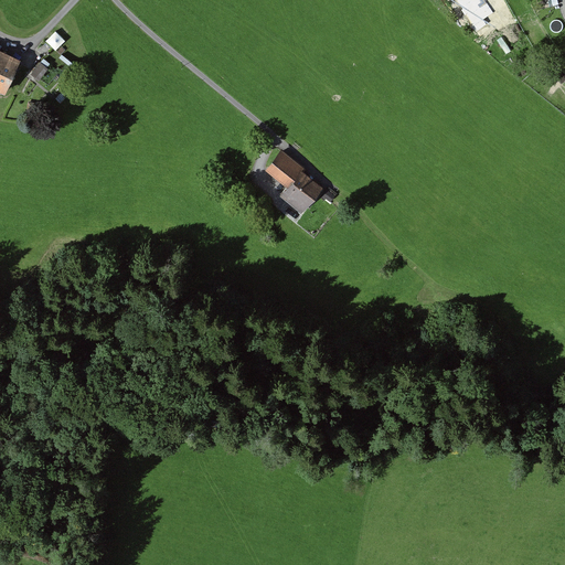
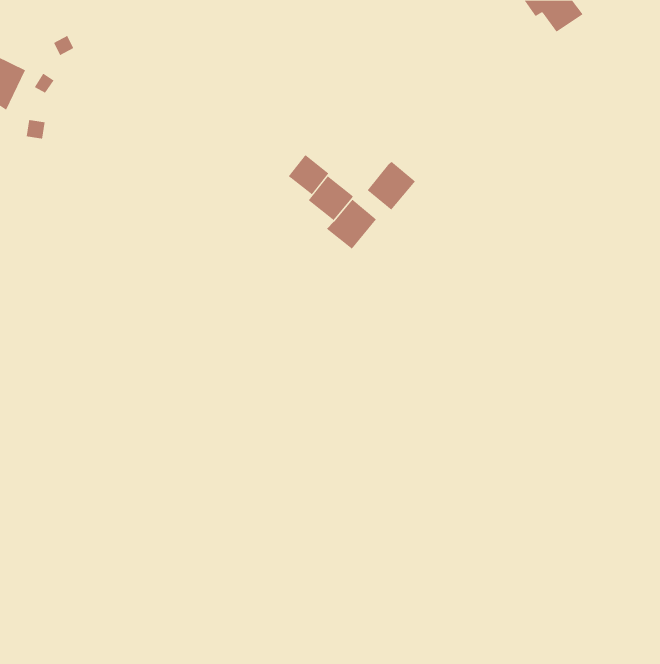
building: none -> [288,154,329,195]
building: none -> [367,161,416,211]

